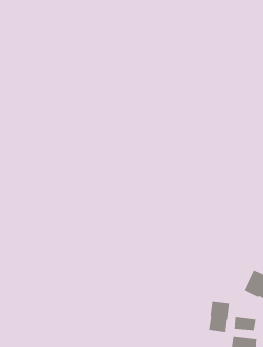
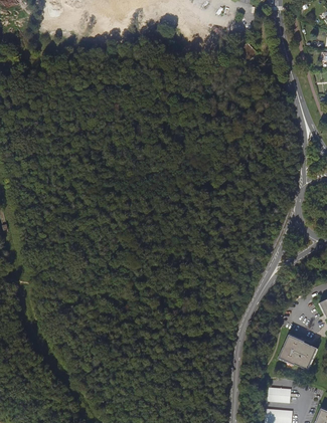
building: [209,301,230,333] -> none

